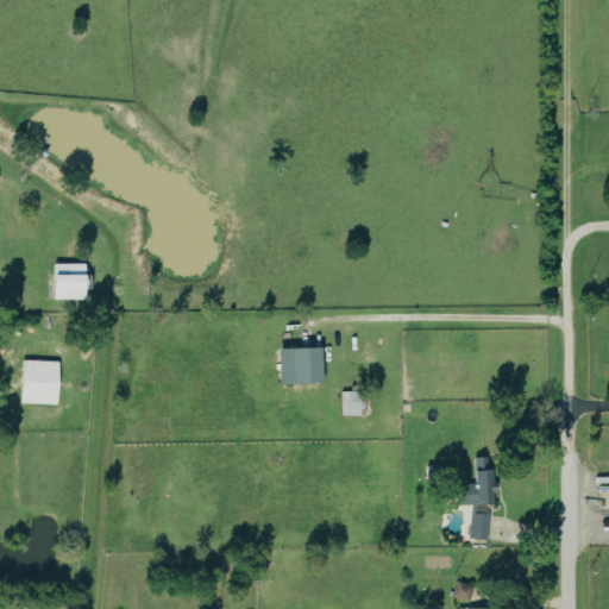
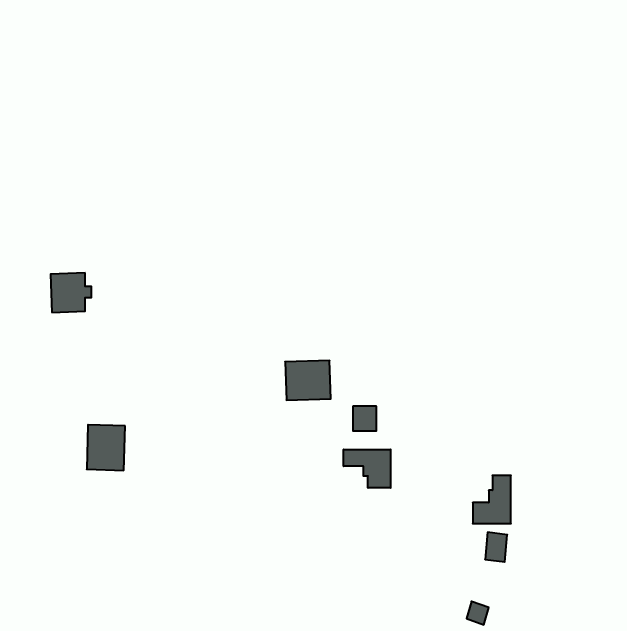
building: [23,360,59,404] -> [87,425,125,470]
building: none -> [344,449,391,488]

